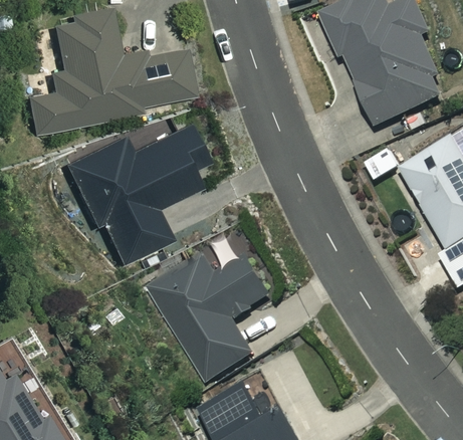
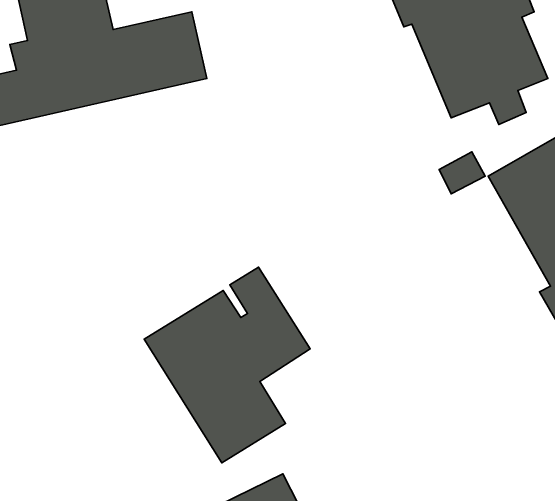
building: [66,126,206,261] -> none

